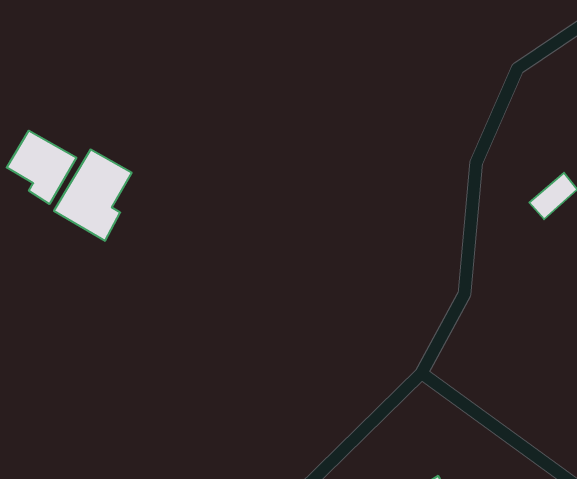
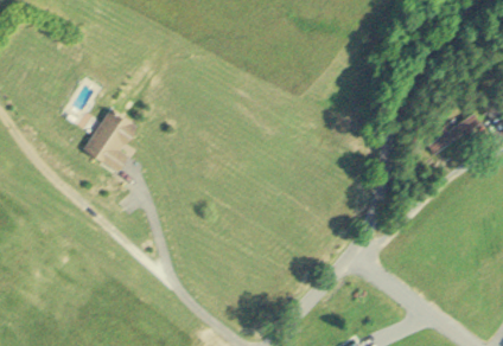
building: [7,131,76,204] -> none

